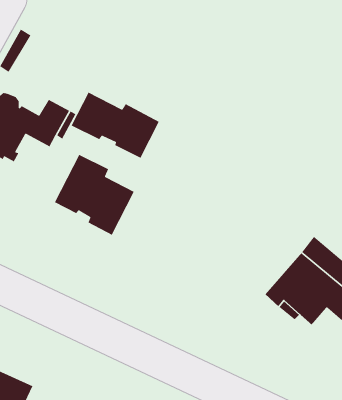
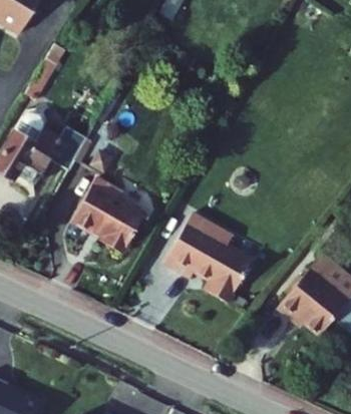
building: [71,92,160,159] -> none
building: none -> [162,213,252,301]

